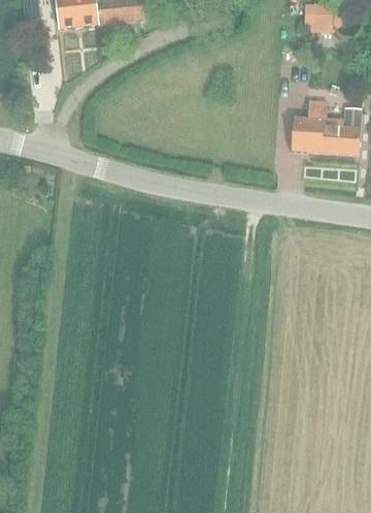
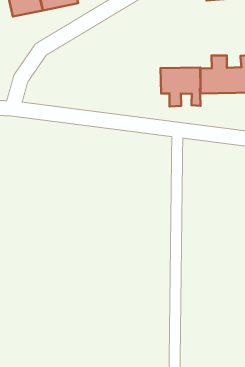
building: none -> [160,68,200,106]

